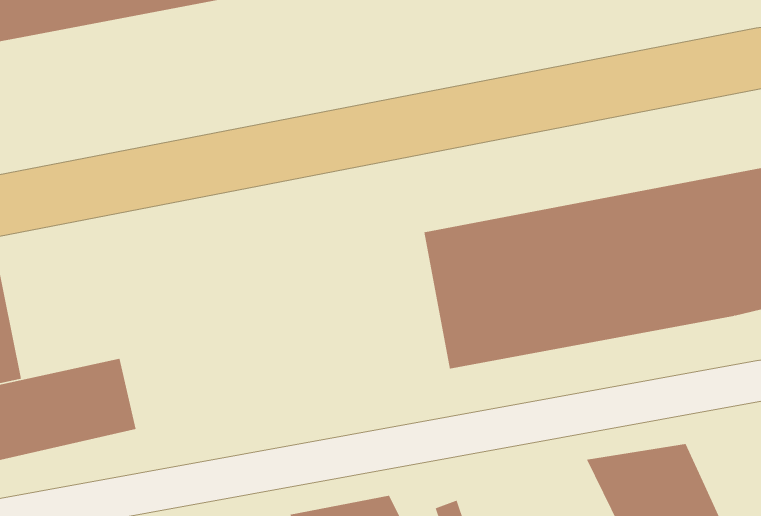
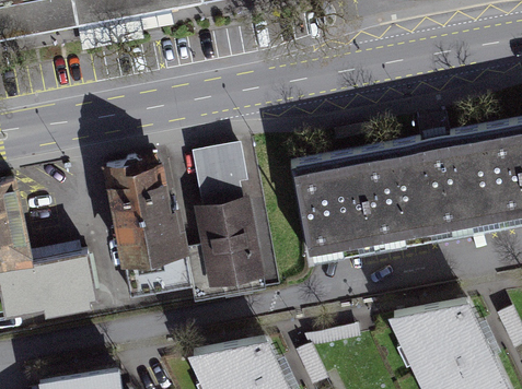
building: none -> [194,151,264,298]
building: none -> [104,156,189,303]

